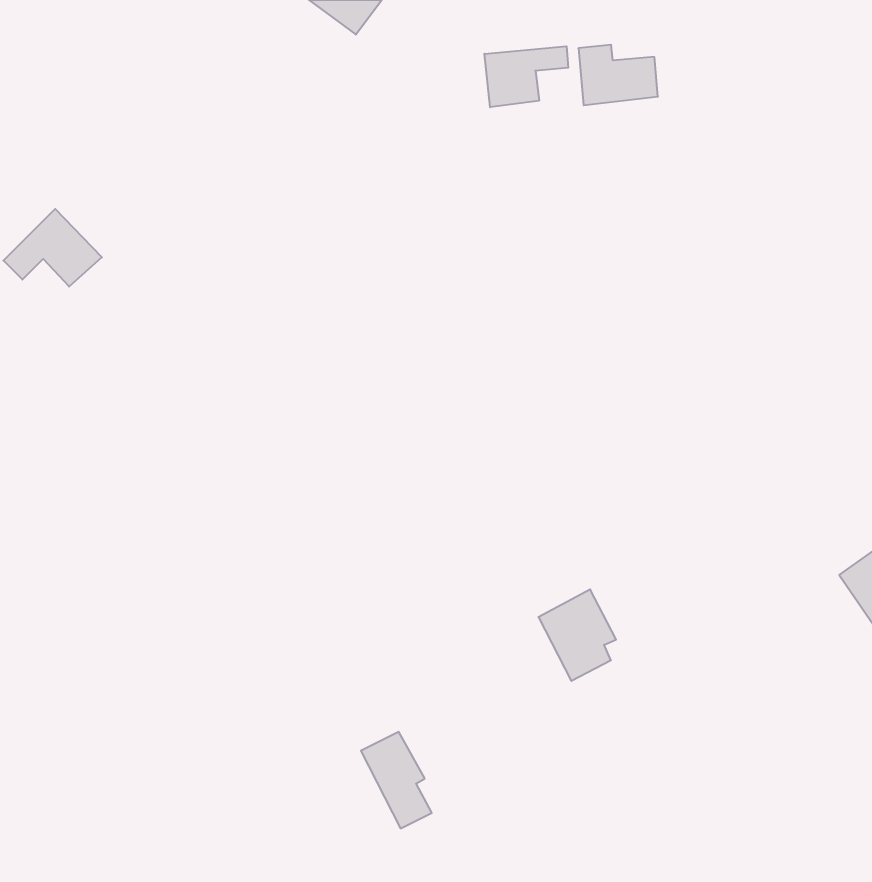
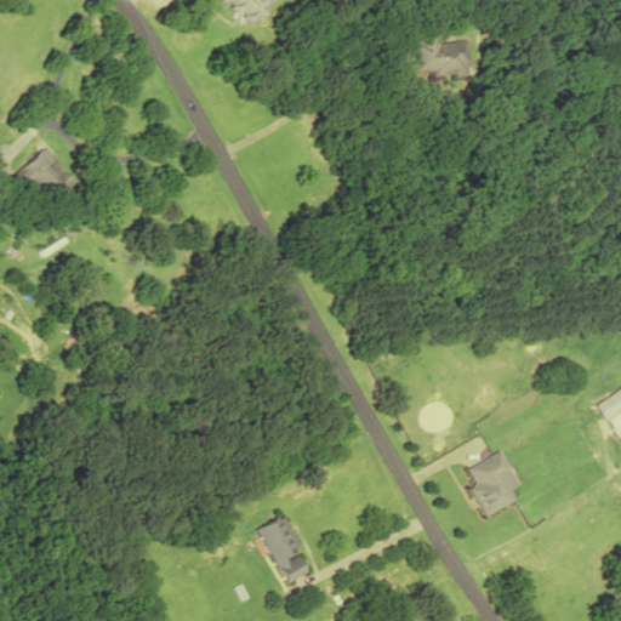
building: [484,46,568,107] -> none
building: [538,589,616,681] -> [465,450,519,514]

